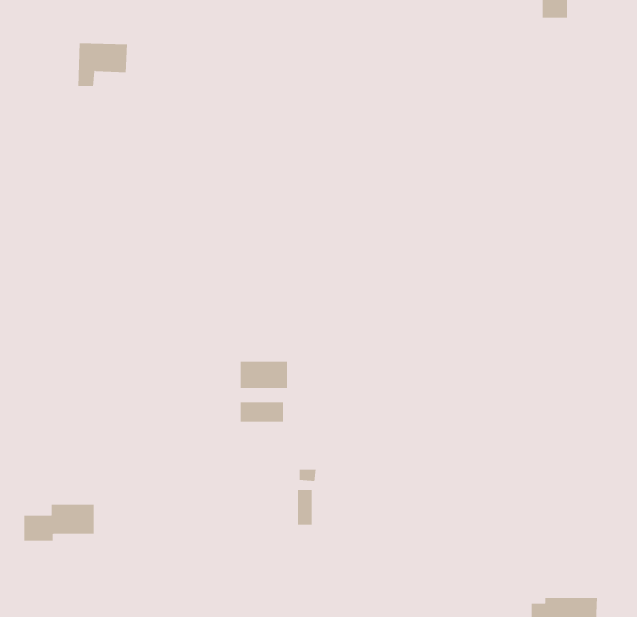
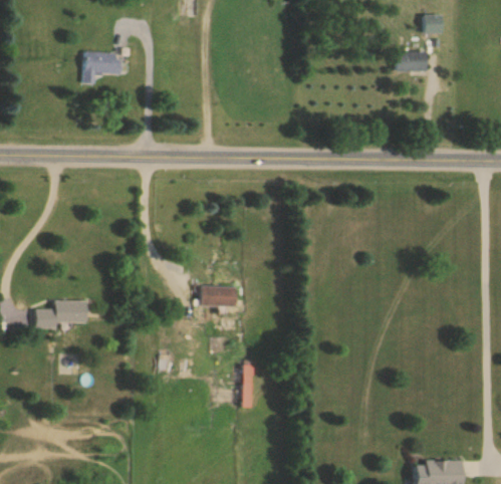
building: none -> [395,52,425,71]
building: [240,402,284,423] -> none
building: [24,504,95,541] -> [34,301,86,328]

